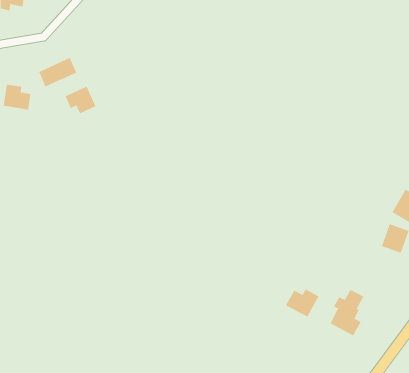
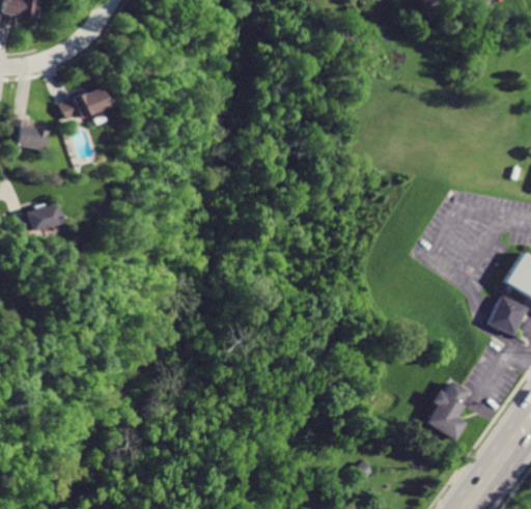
building: [65,86,96,114] -> none
building: none -> [12,203,59,237]
building: [285,289,319,318] -> none

